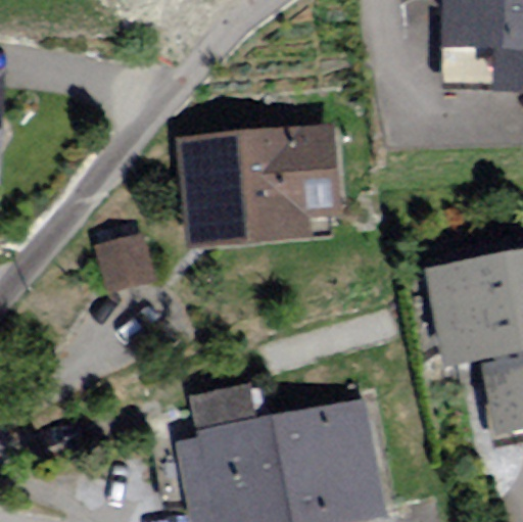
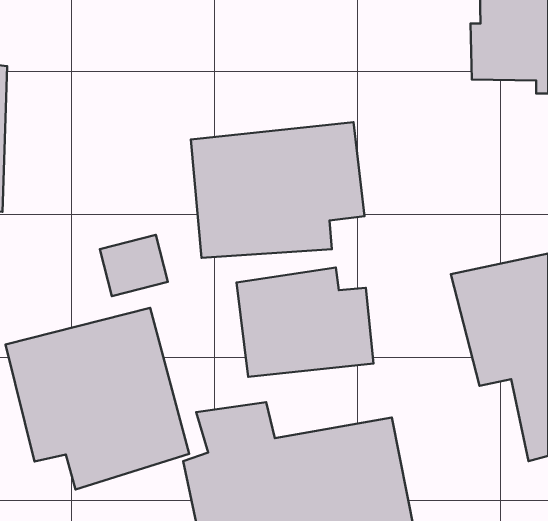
building: none -> [237,268,373,377]
building: none -> [6,308,189,489]

